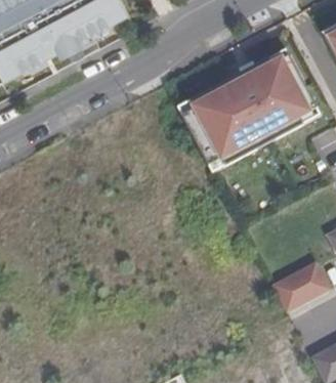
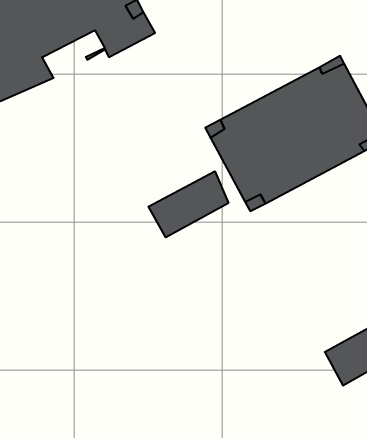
building: none -> [148,171,228,237]

